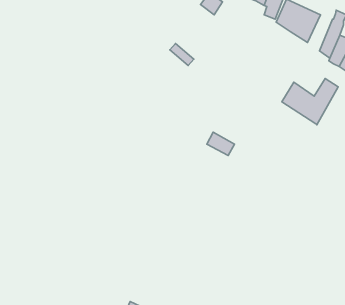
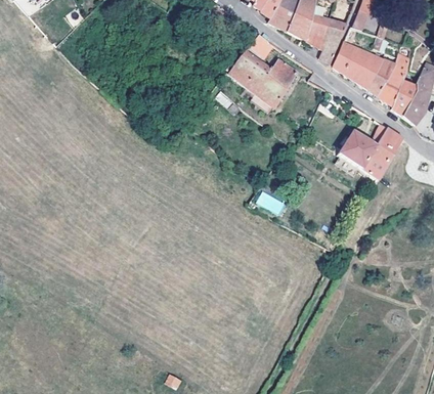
building: none -> [228,49,297,107]
building: none -> [367,57,395,97]

